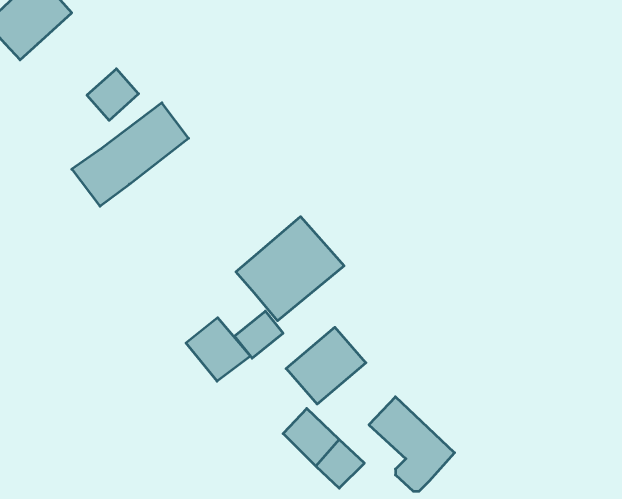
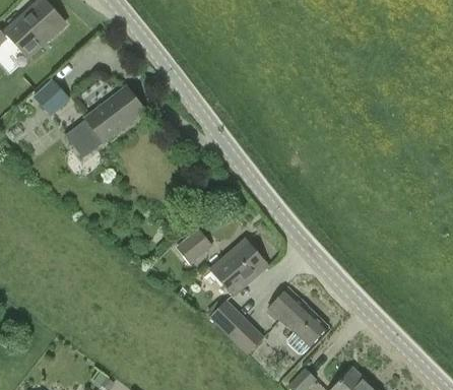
building: [87,69,139,120] -> [34,80,69,116]
building: [236,217,344,321] -> none
building: [186,318,250,381] -> none

